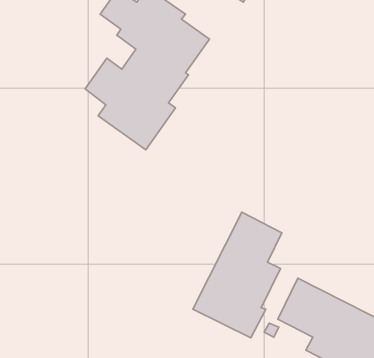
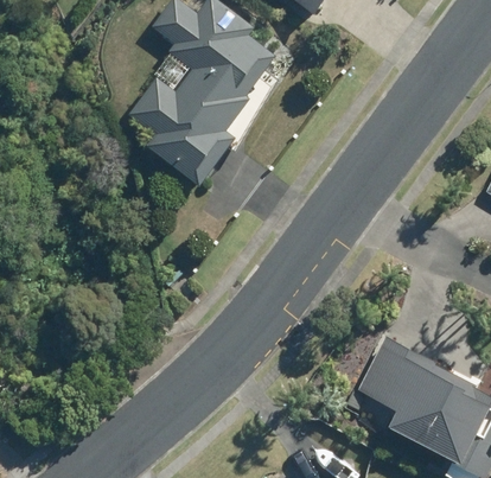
building: [193,212,282,338] -> none

